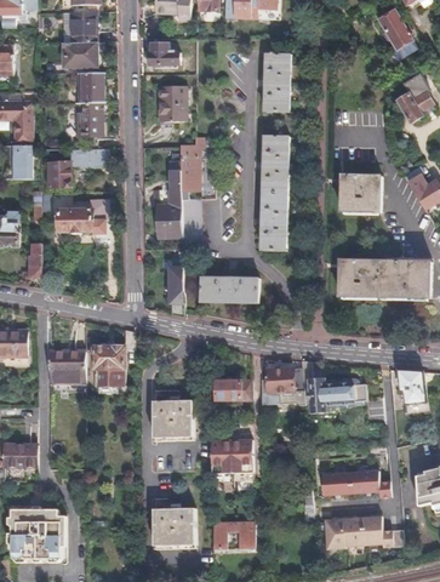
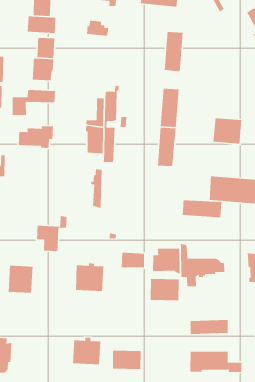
building: [160,84,187,119] -> none
building: [200,278,257,302] -> [182,200,222,218]
building: [47,352,82,392] -> [8,265,33,294]
building: [208,441,252,475] -> [150,278,179,301]

